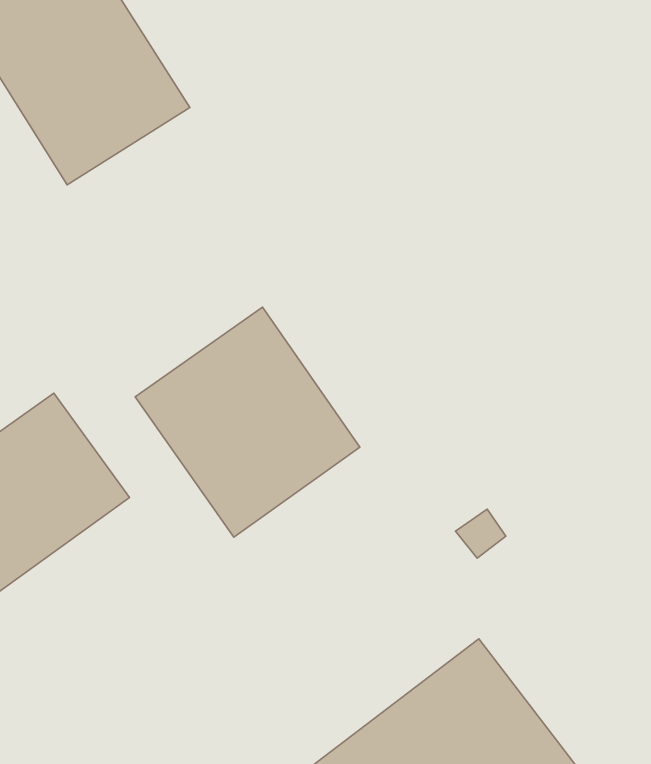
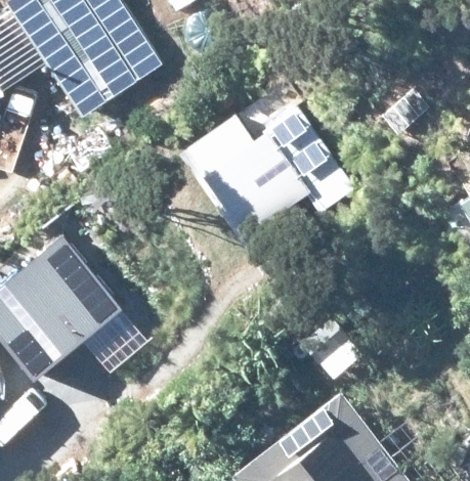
building: none -> [211,97,351,243]
building: [135,307,360,537] -> none

